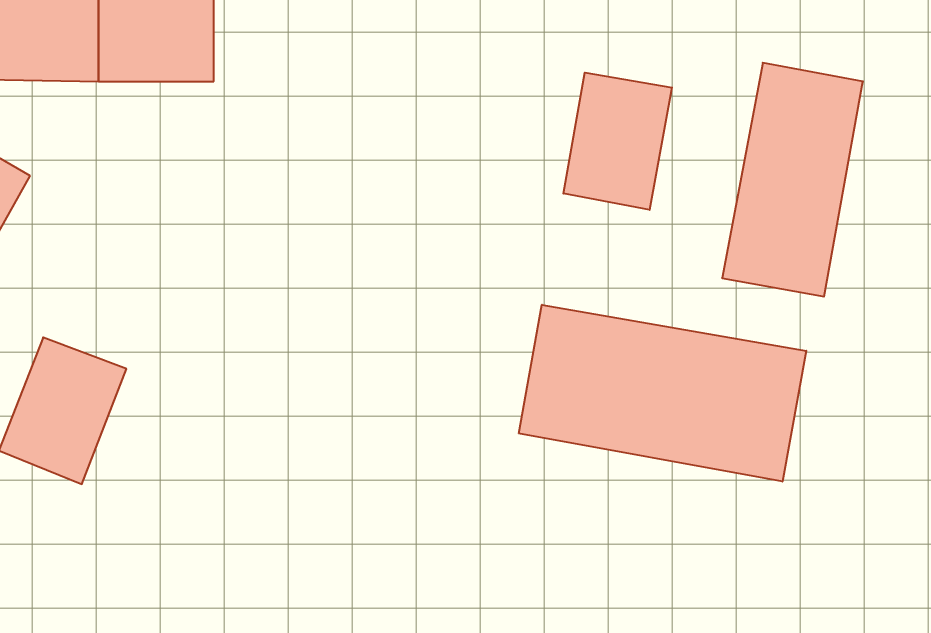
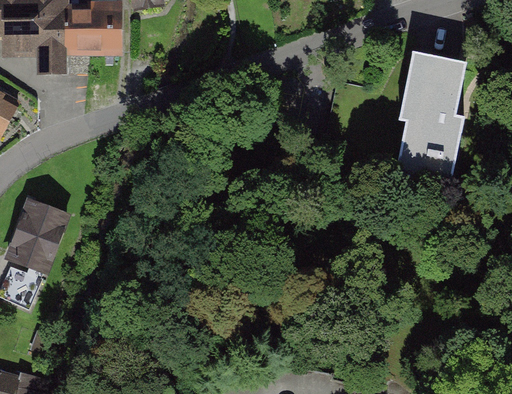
building: [563,73,672,210] -> none
building: [519,305,806,482] -> none

